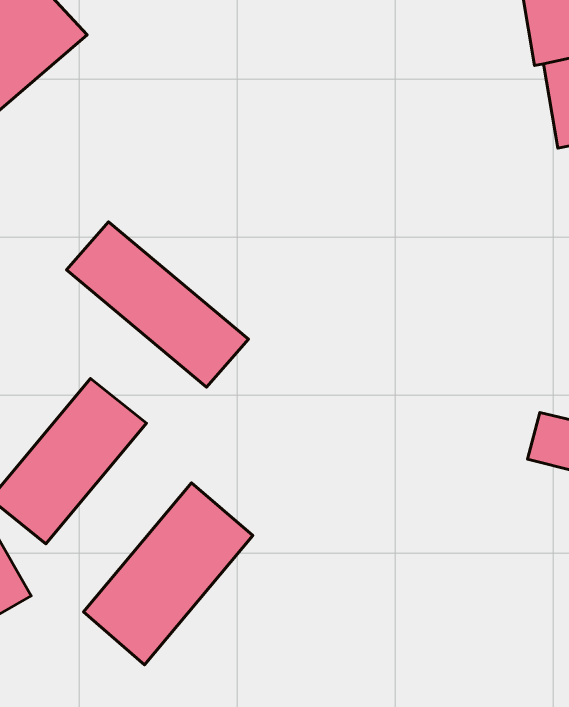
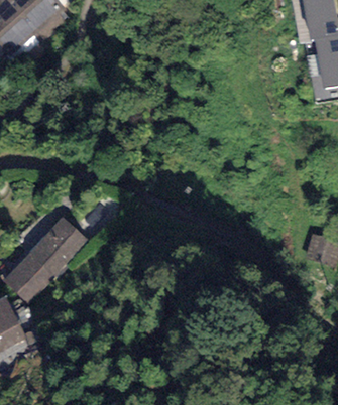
building: [66,222,249,387] -> none
building: [84,483,253,665] -> none

